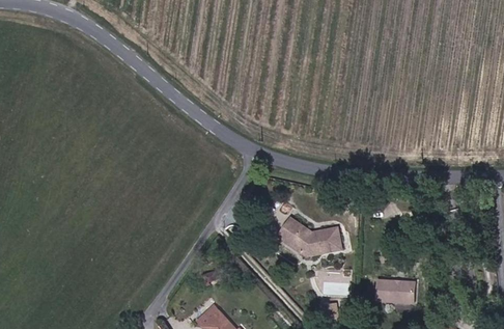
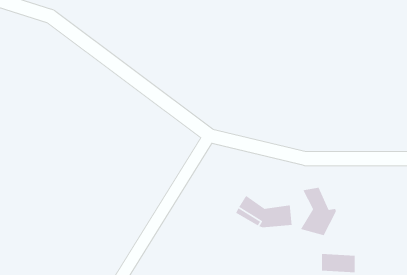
building: none -> [300,187,337,236]

